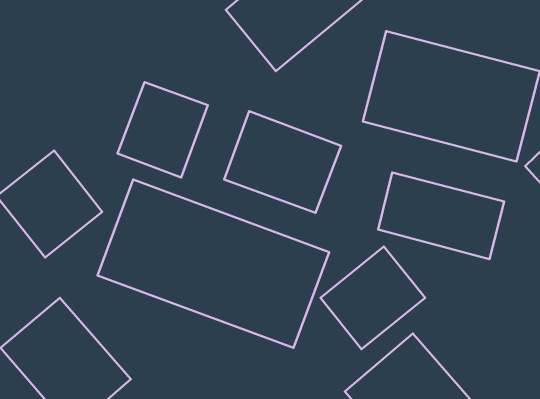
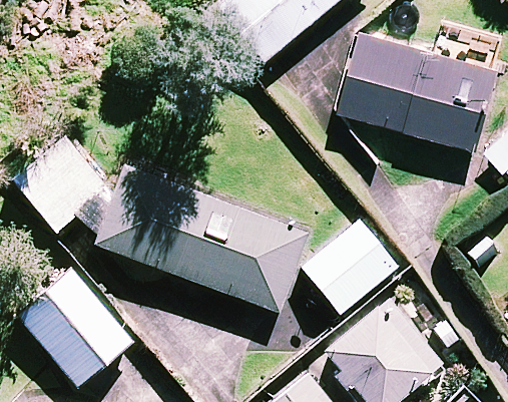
building: [118,82,208,178] -> none
building: [224,111,341,213] -> none
building: [378,172,504,259] -> none

